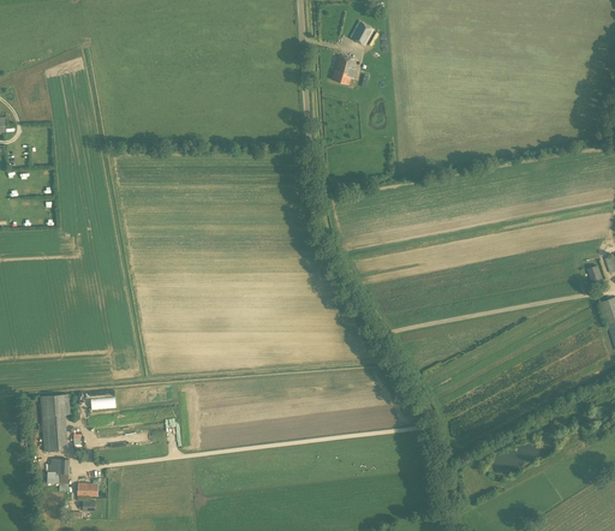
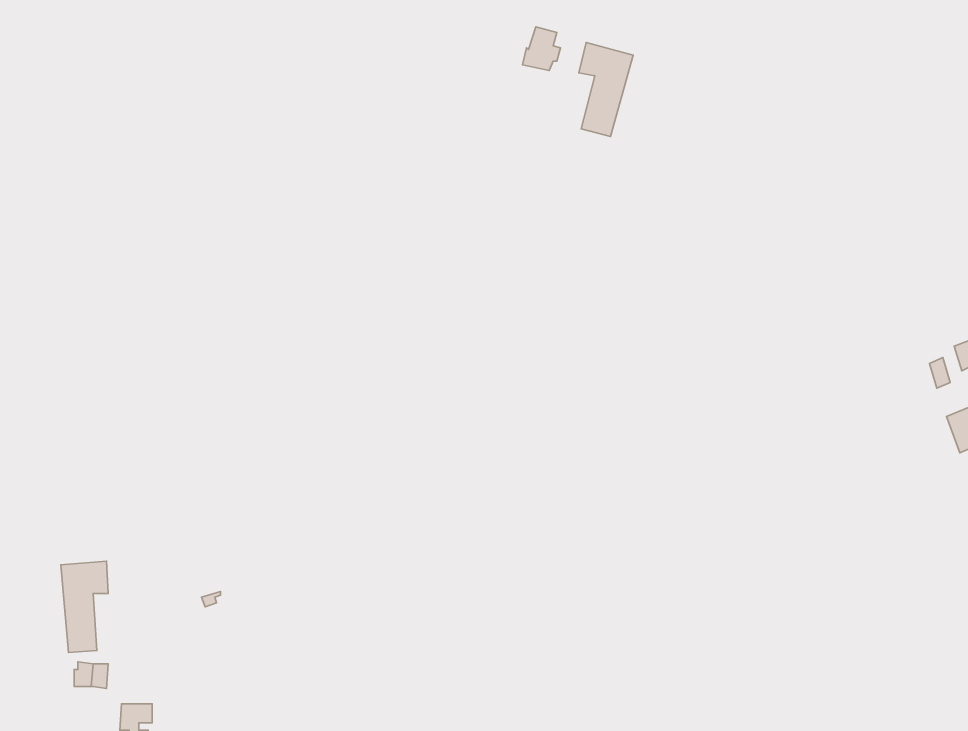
building: none -> [579,43,633,136]

